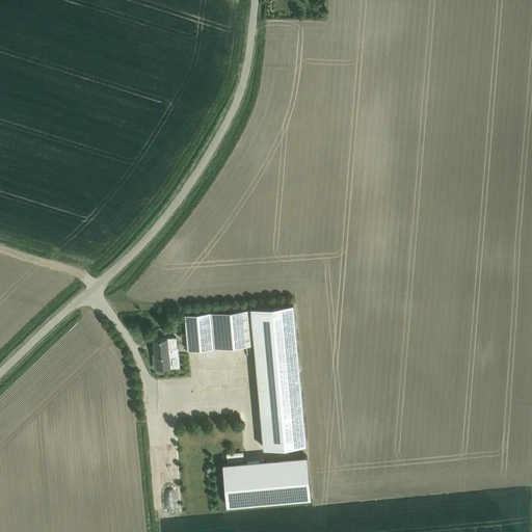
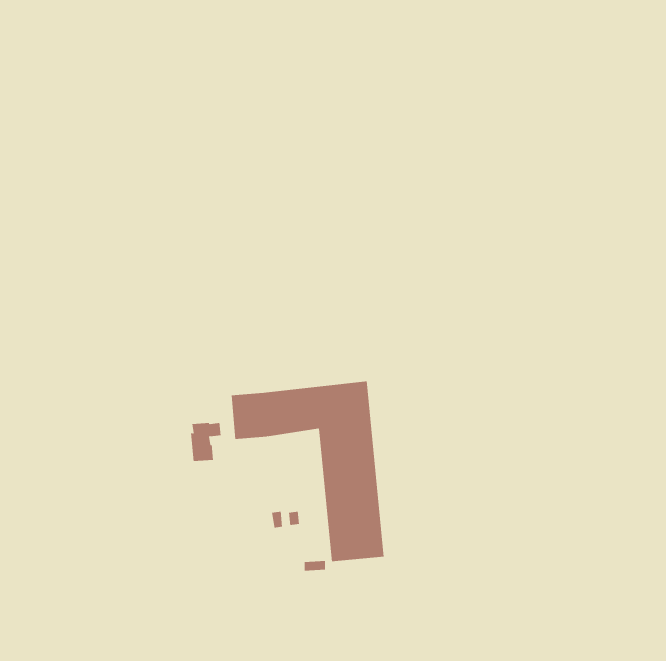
building: [223,458,310,509] -> none

